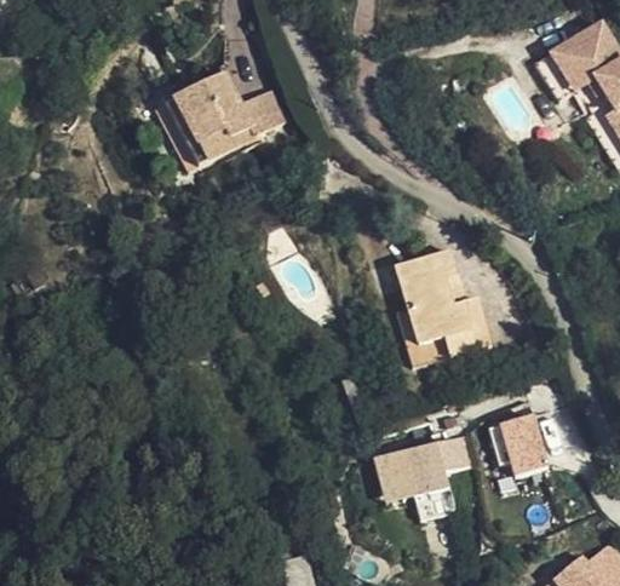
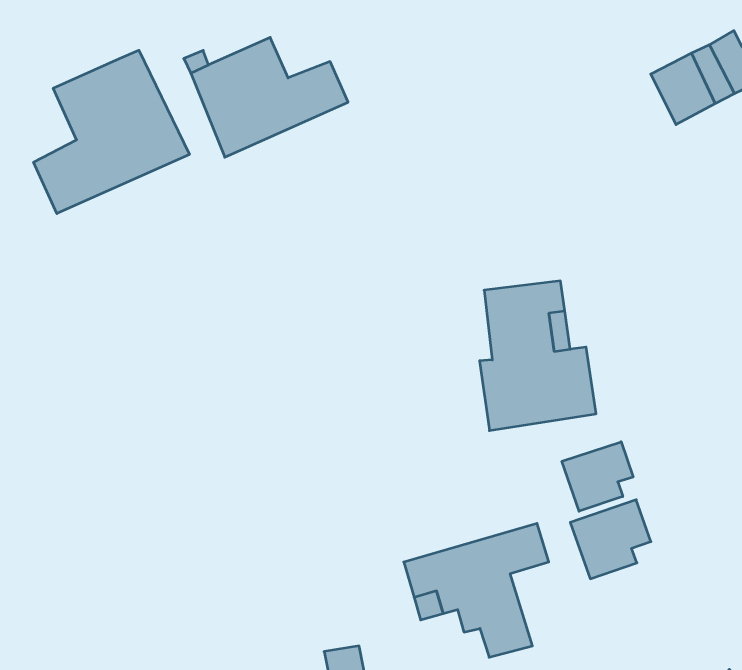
building: none -> [34,50,189,214]
building: none -> [562,442,633,511]

